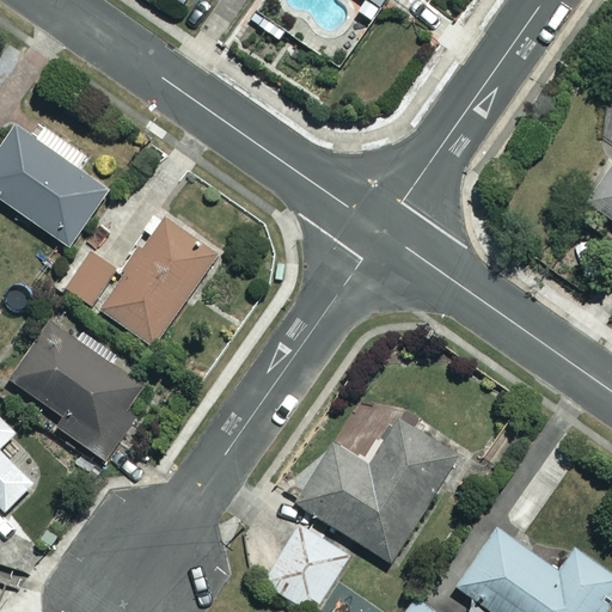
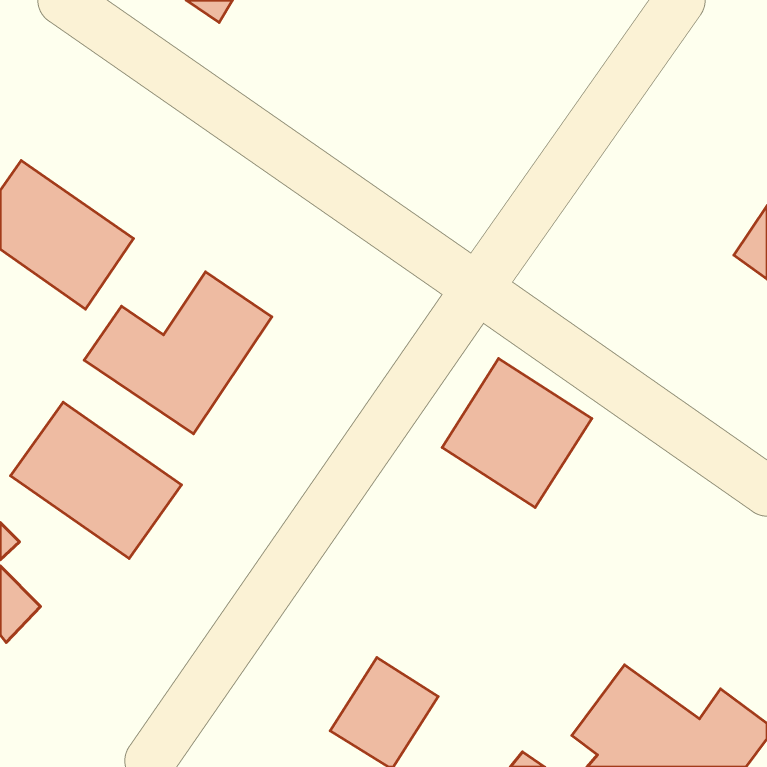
building: none -> [442,358,592,508]
building: [295,424,458,562] -> none

